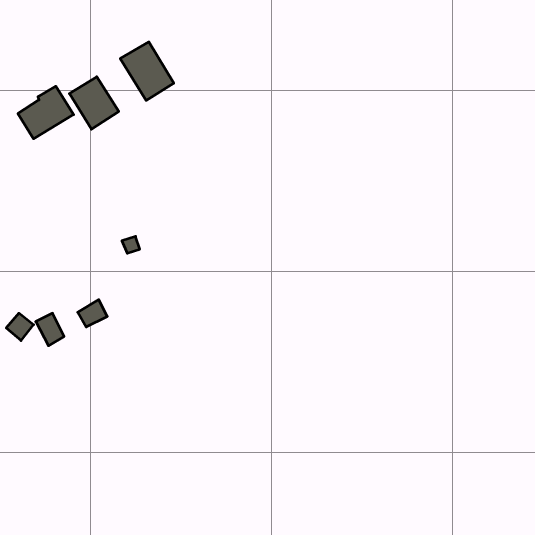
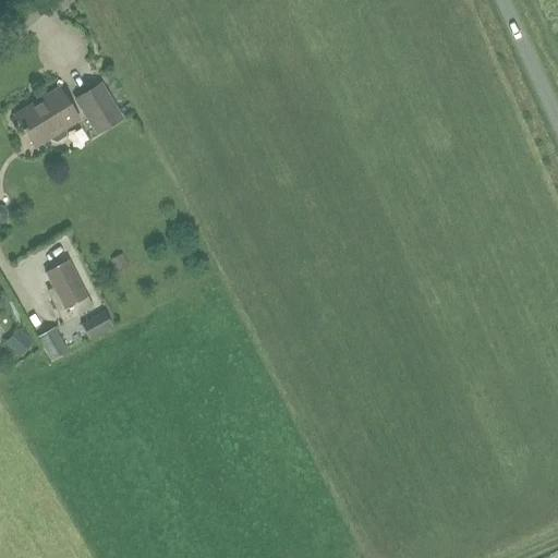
building: [120,42,174,100] -> none
building: none -> [46,259,94,323]

